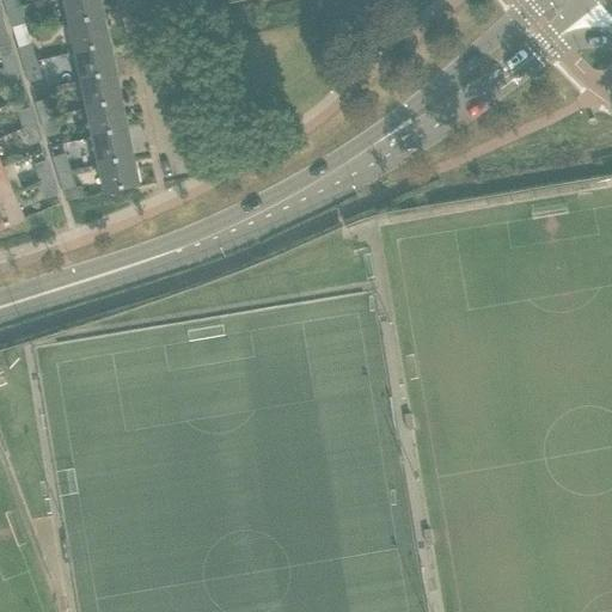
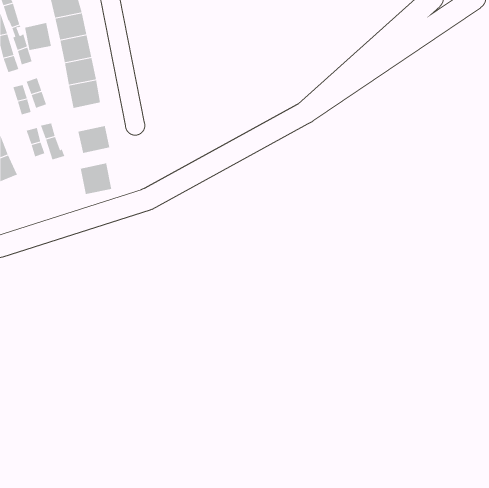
building: none -> [24,22,51,51]
building: [91,128,131,164] -> none
building: none -> [80,163,112,195]

